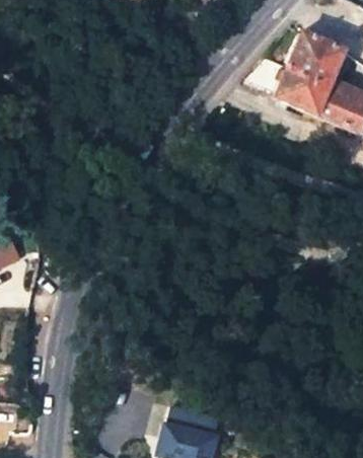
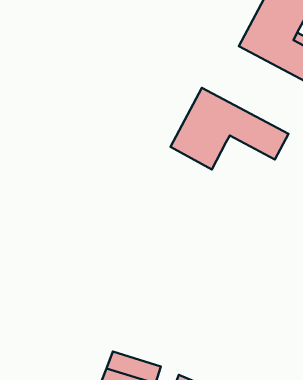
building: none -> [171,88,289,169]

